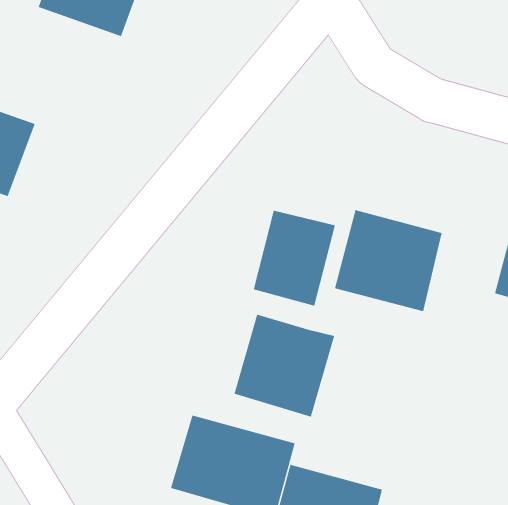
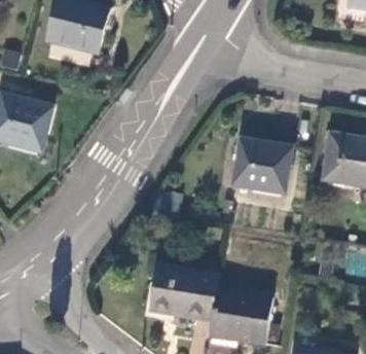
building: [253,210,336,306] -> none
building: [234,314,335,418] -> none

